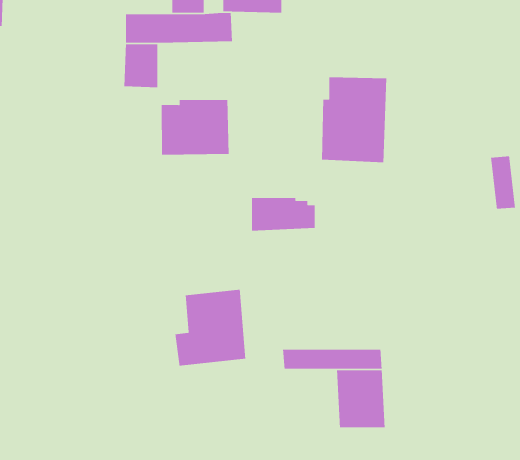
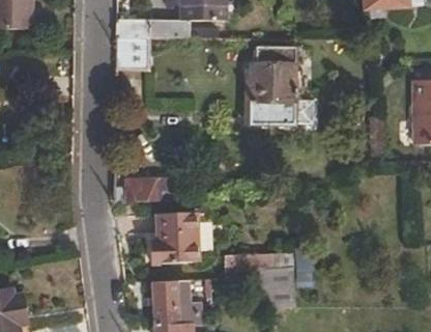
building: [161,99,230,156] -> none
building: [251,197,316,232] -> [125,177,170,201]
building: none -> [152,278,199,324]

